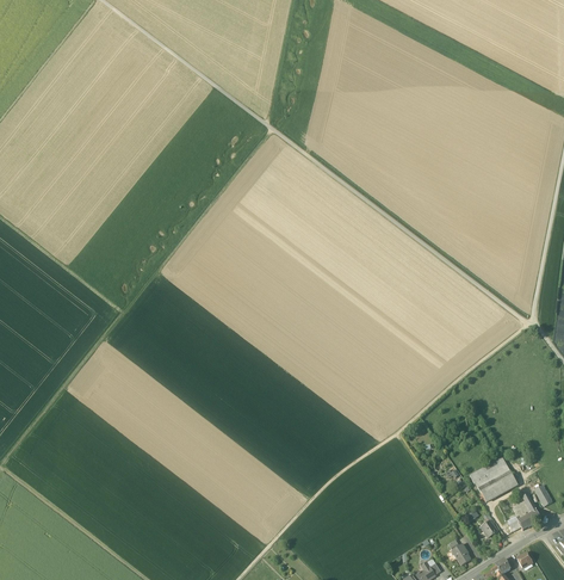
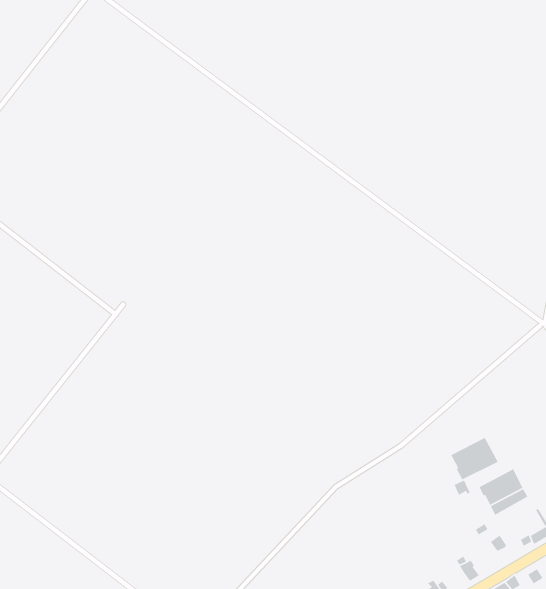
building: none -> [450,437,499,481]

